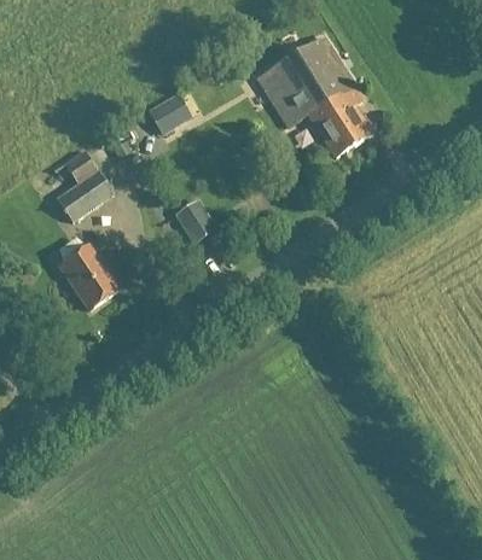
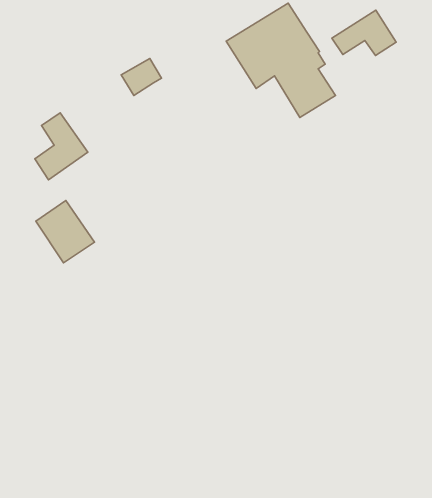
building: none -> [332,10,396,55]
building: [174,199,215,243] -> none

